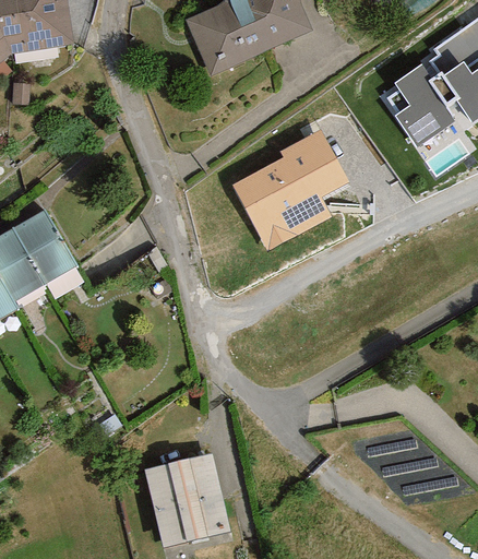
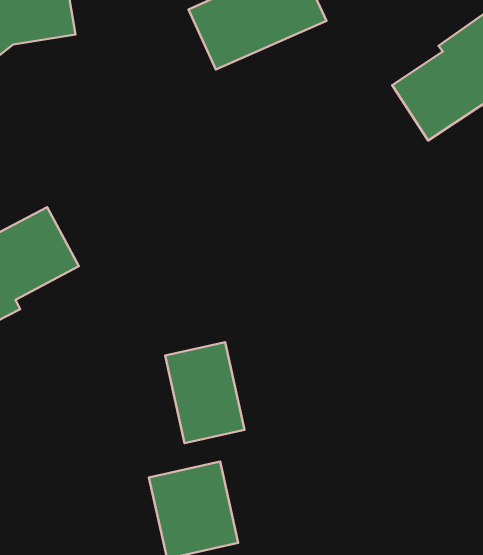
building: [232,124,352,250] -> none
building: none -> [165,342,245,443]

